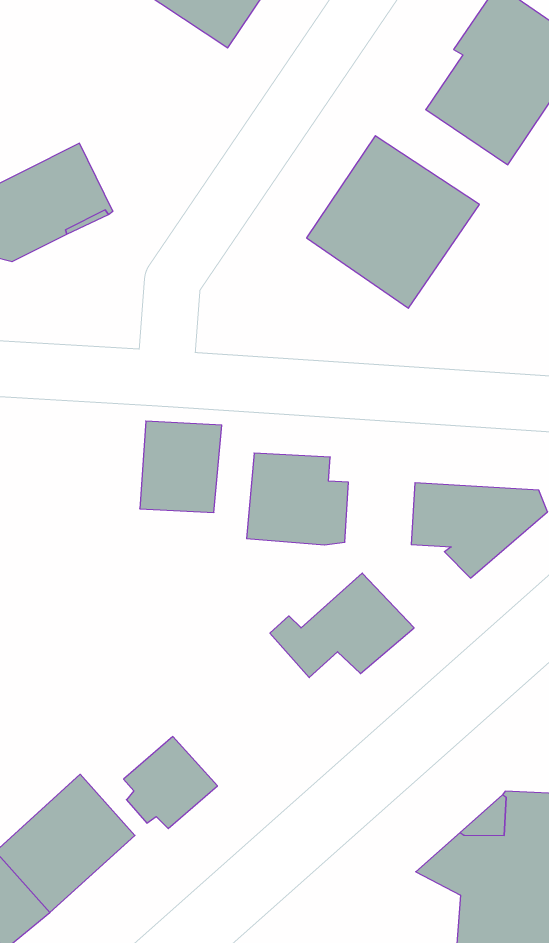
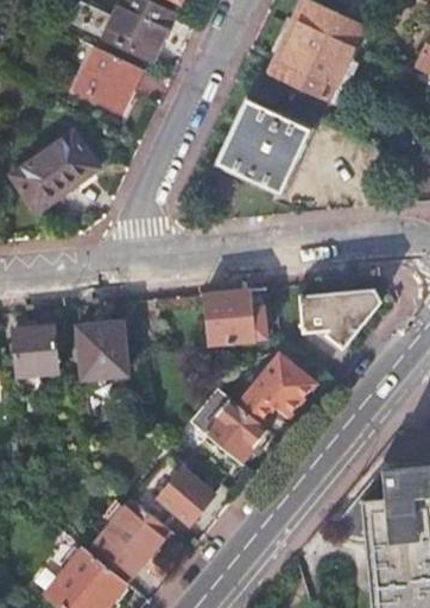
building: none -> [75,46,140,110]
building: [140,421,222,512] -> [78,323,127,380]
building: none -> [189,388,267,463]

